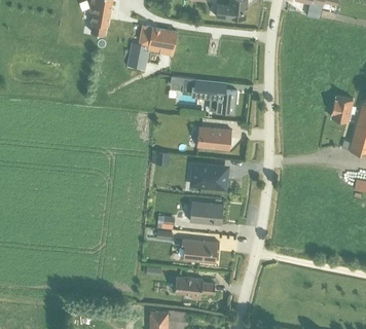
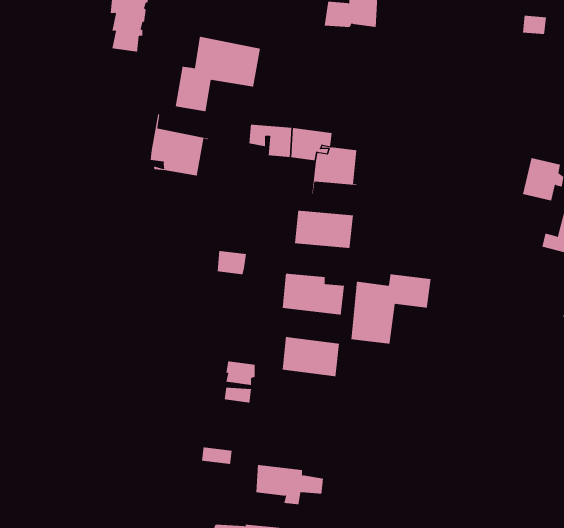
building: none -> [150,114,209,177]
building: none -> [351,274,431,345]
building: [180,237,219,261] -> none

